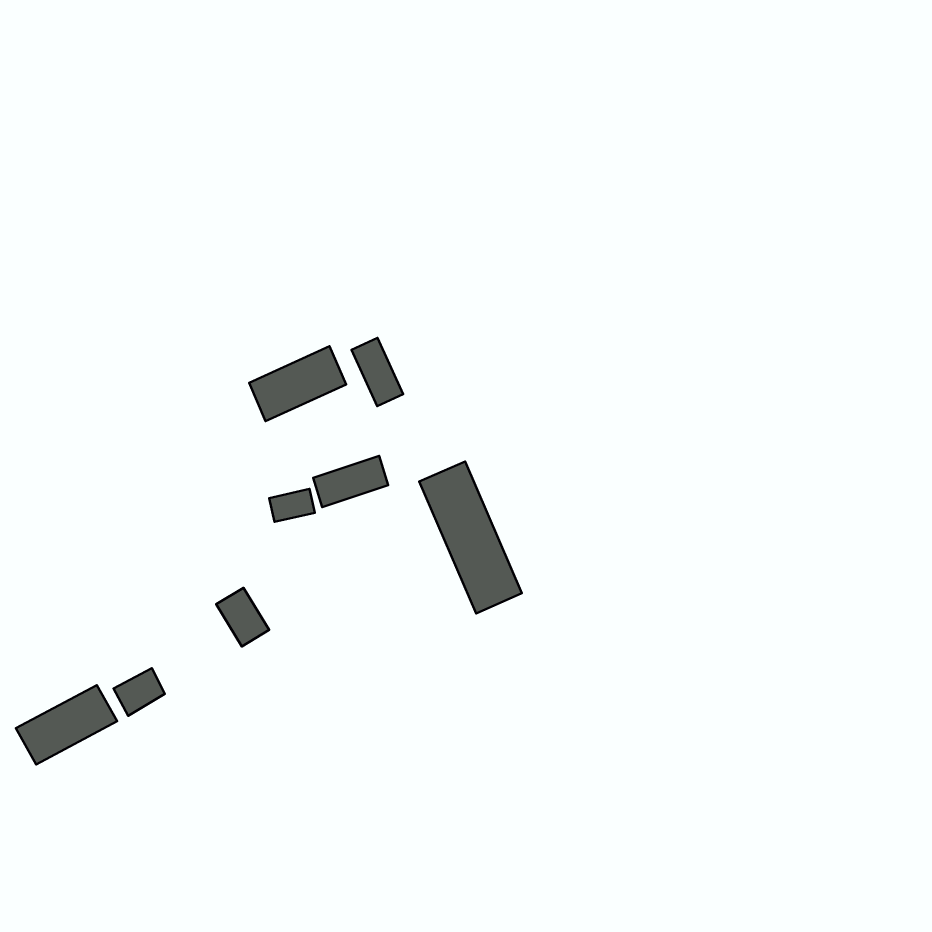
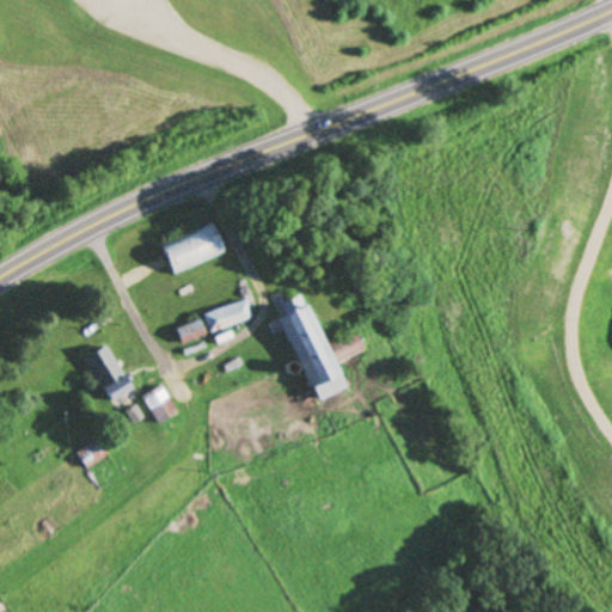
building: [351,338,403,406] -> none
building: none -> [86,343,134,400]
building: [16,685,117,765] -> none

